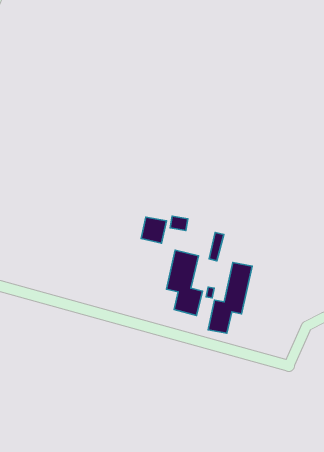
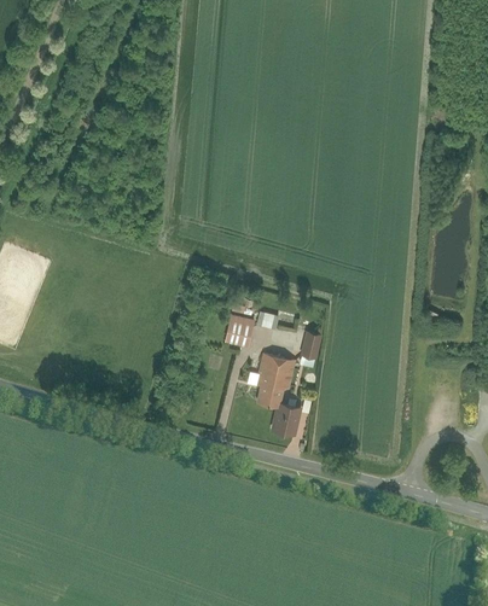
building: [208,262,252,333] -> none

